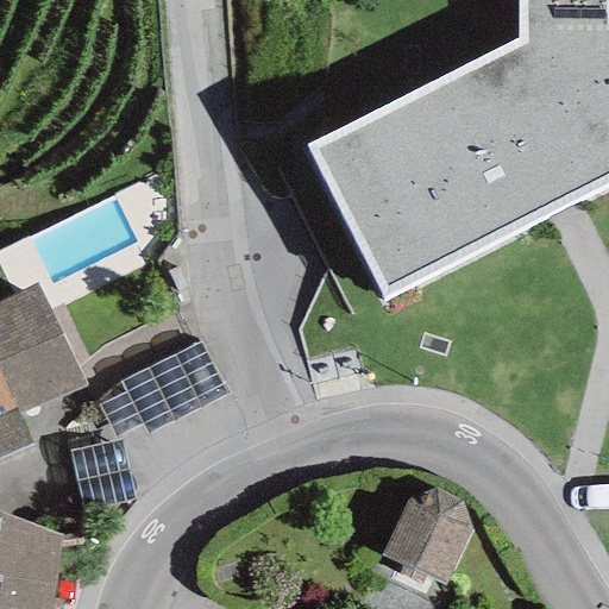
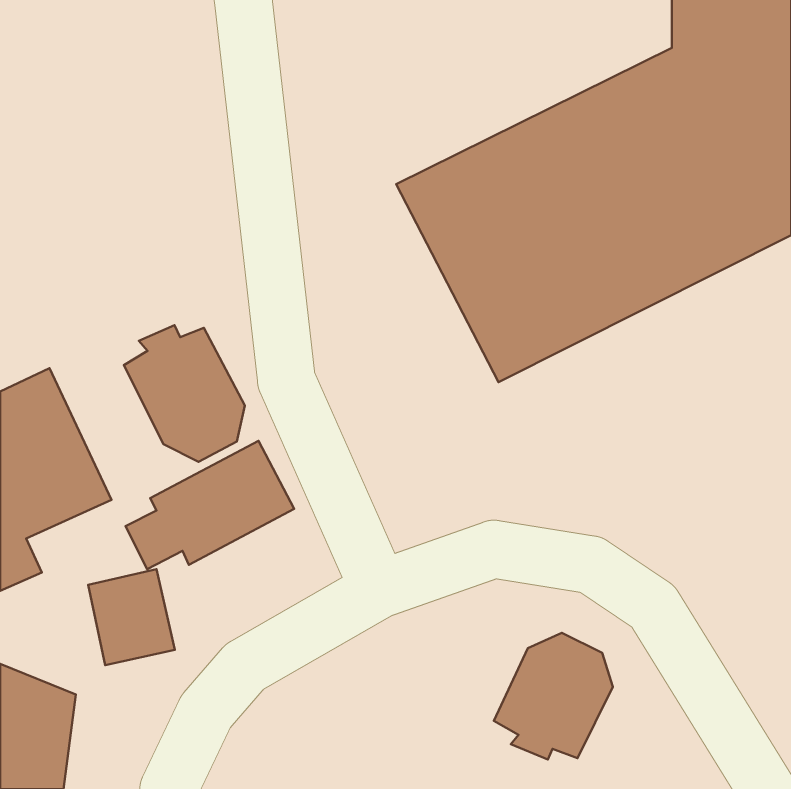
building: none -> [124,325,245,462]

